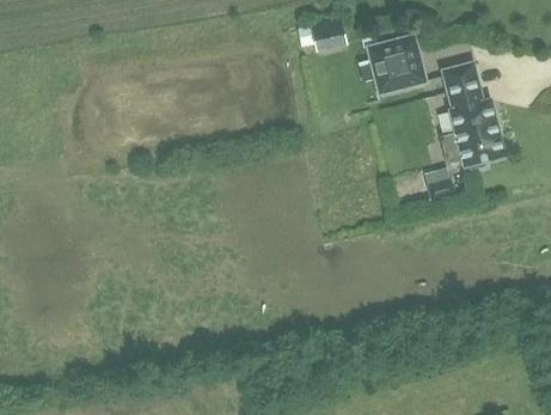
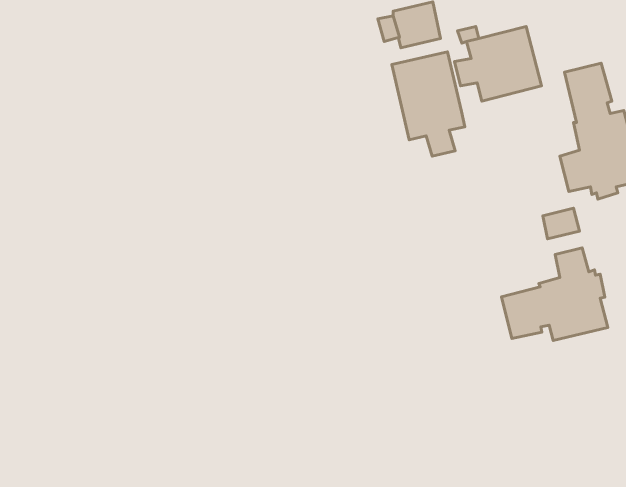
building: none -> [392,52,465,156]
building: none -> [502,248,608,341]

